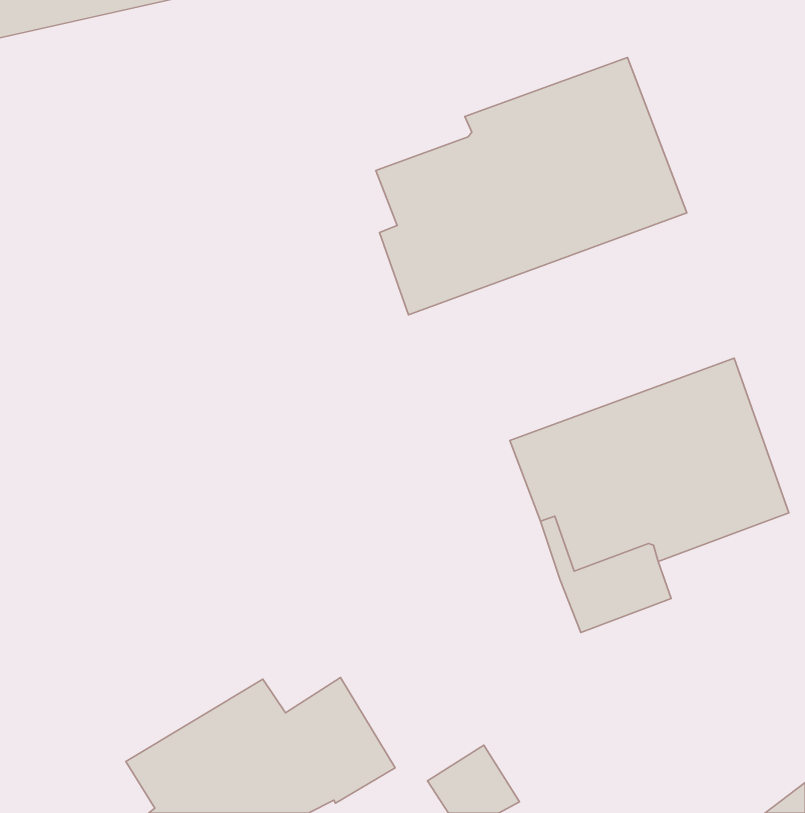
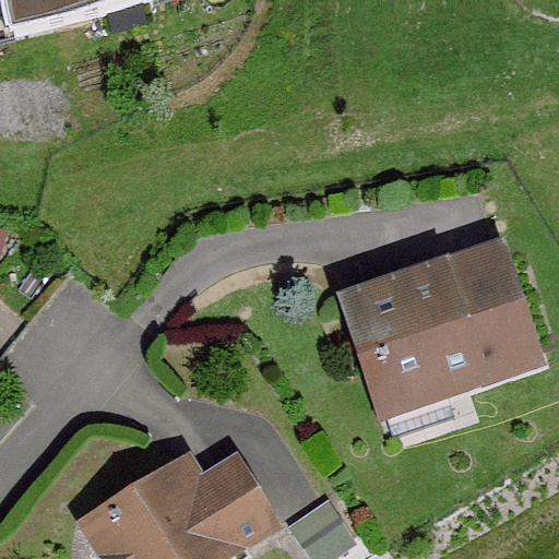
building: [376,57,687,315] -> none

